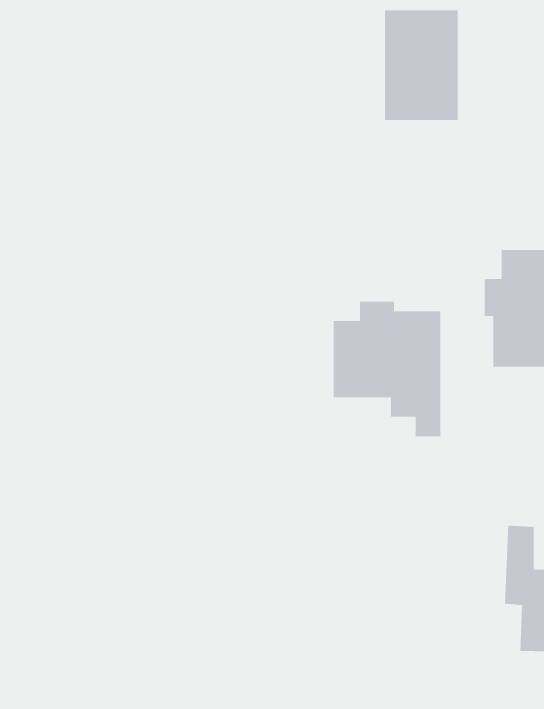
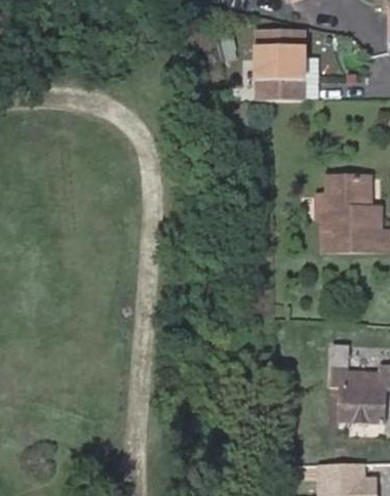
building: [333,301,441,437] -> none

